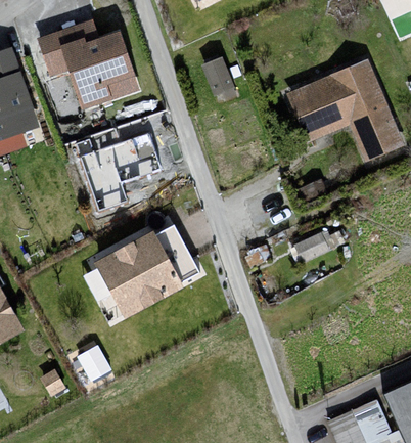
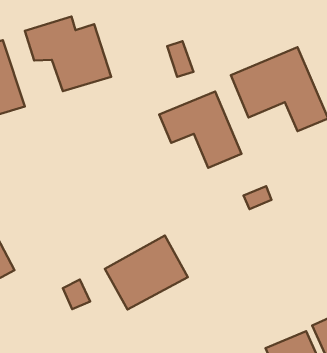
building: none -> [159,91,241,168]
building: [83,131,163,207] -> none
building: [102,223,202,312] -> [105,236,188,309]

